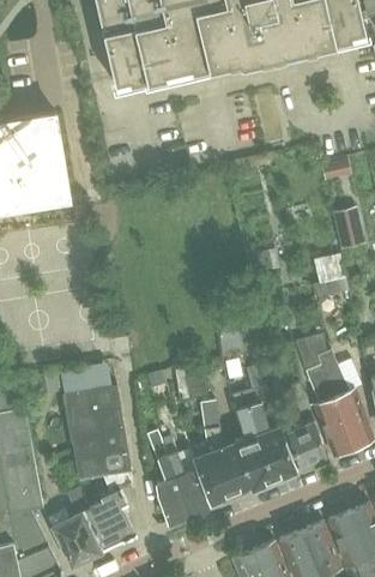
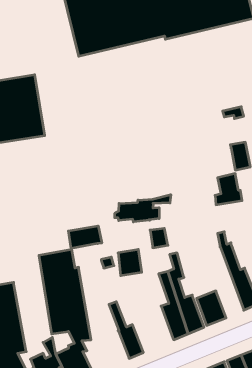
building: none -> [115,195,171,222]
building: none -> [68,226,102,248]
building: [297,341,352,457] -> none
building: [190,403,252,506] -> none
building: [147,432,189,525] -> none

